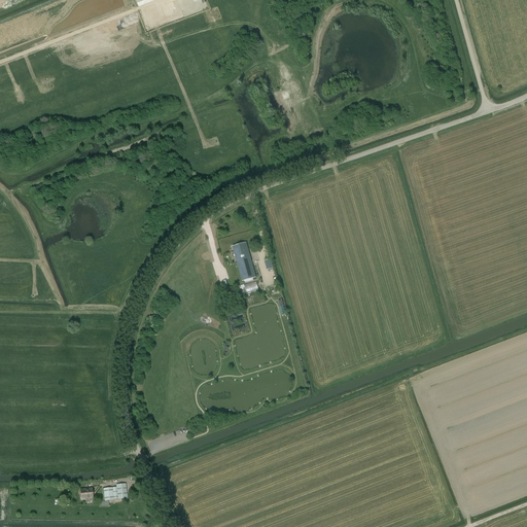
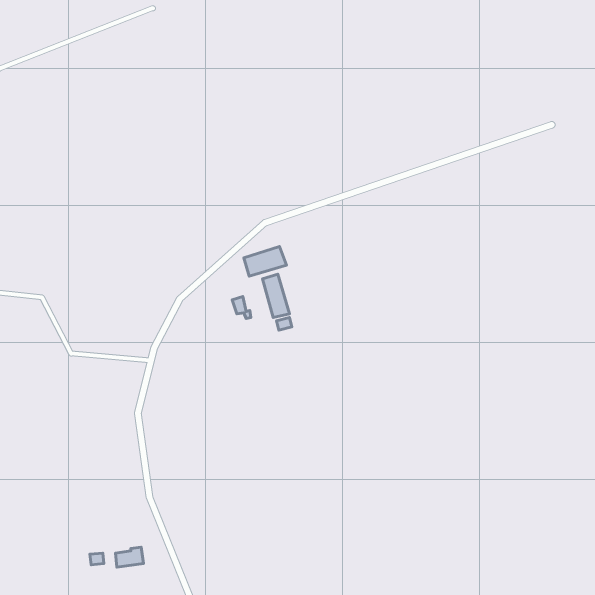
building: none -> [244,246,286,276]

